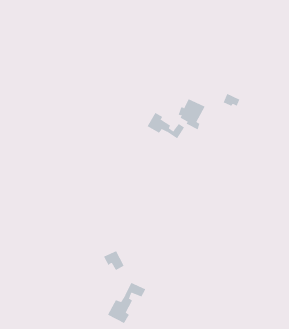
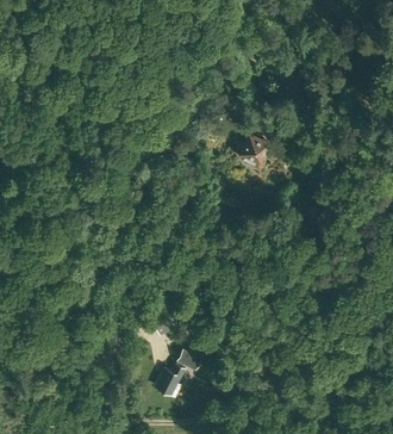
building: [147,112,185,139] -> none

